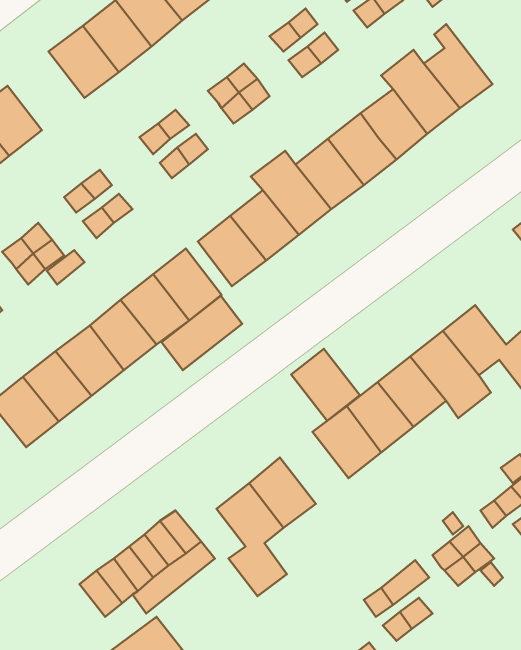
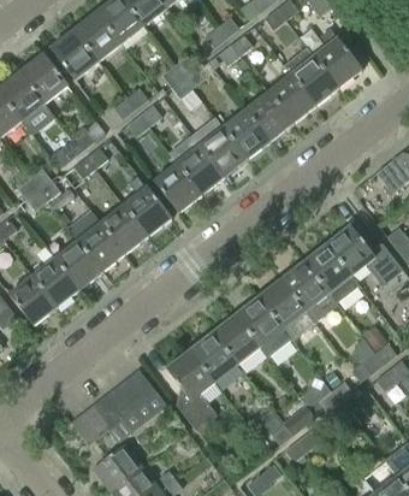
building: none -> [20,53,67,102]
building: [161,296,242,370] -> none
building: [291,349,360,421] -> [212,314,260,365]

